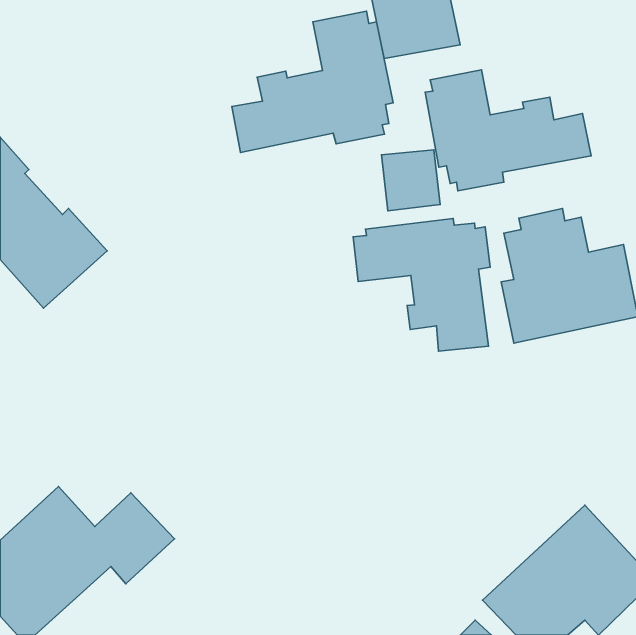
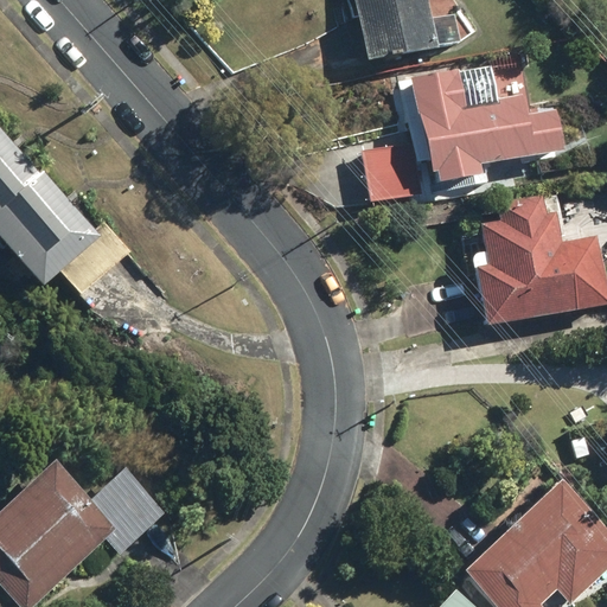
building: [232,11,393,153] -> none
building: [353,219,490,351] -> none

